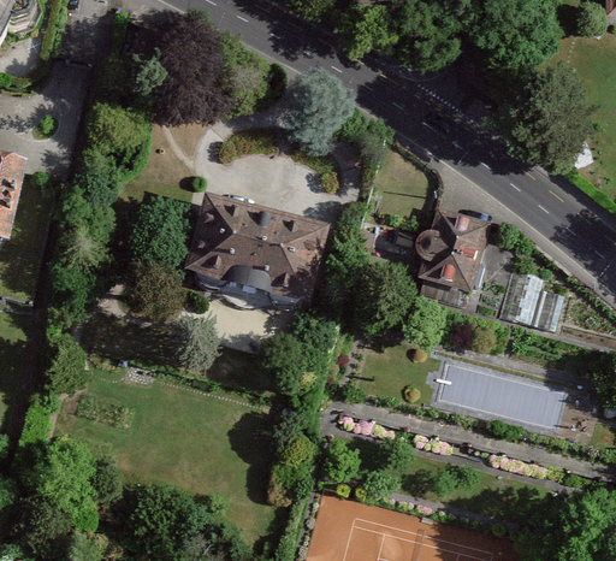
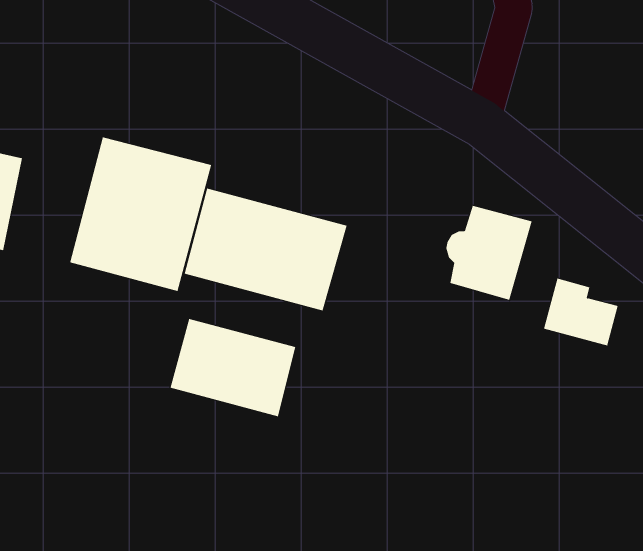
building: none -> [69,136,212,292]
building: none -> [170,318,296,417]

